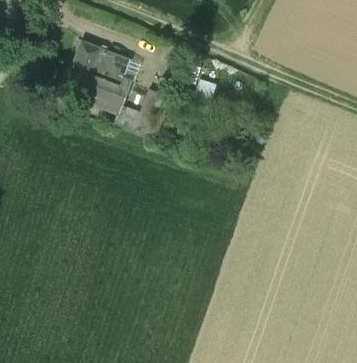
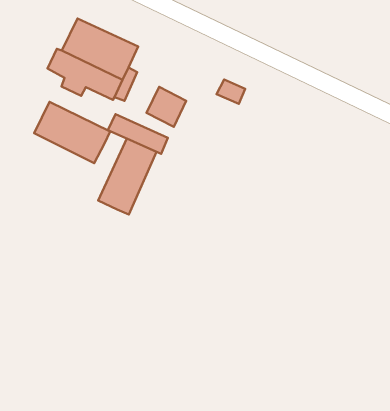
building: none -> [34,102,110,163]
building: none -> [98,139,156,214]

